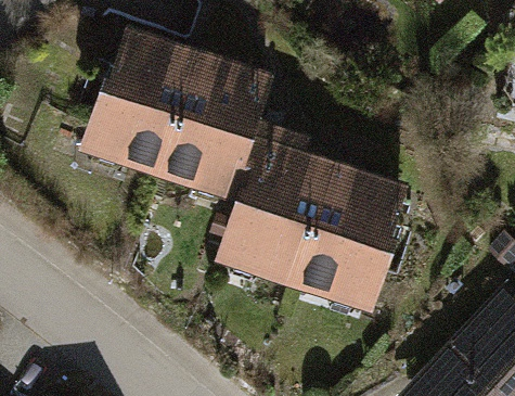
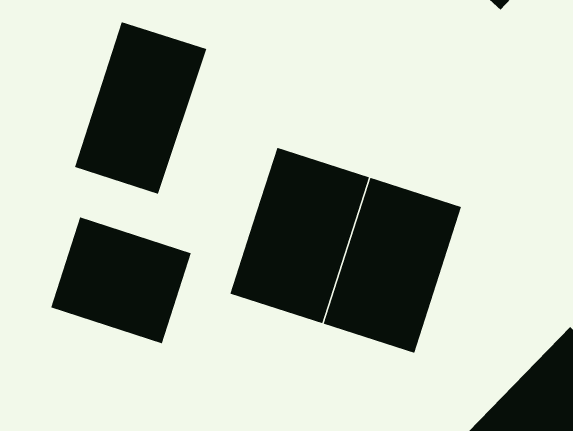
building: [150,49,272,202] -> none
building: none -> [50,216,192,344]

